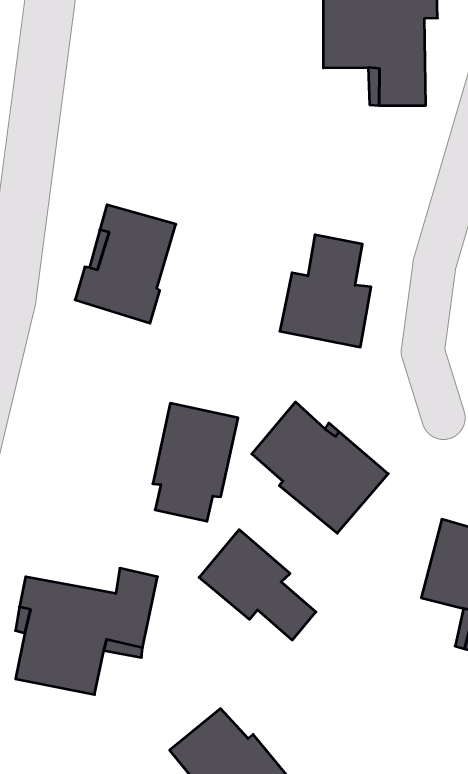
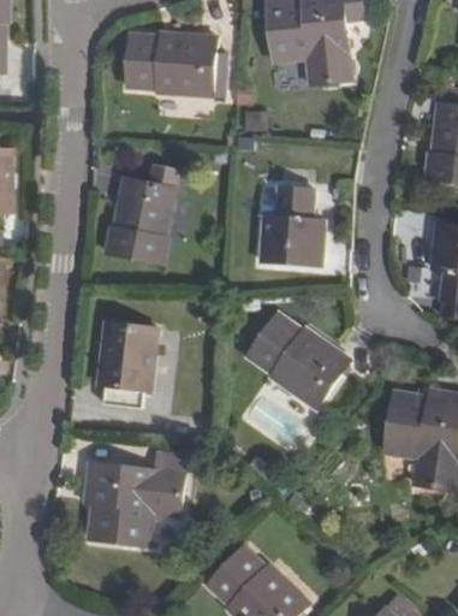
building: none -> [125,32,216,97]
building: [153,403,238,521] -> [99,324,157,409]
building: [199,530,316,640] -> none

